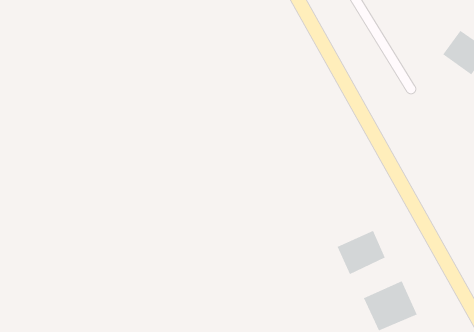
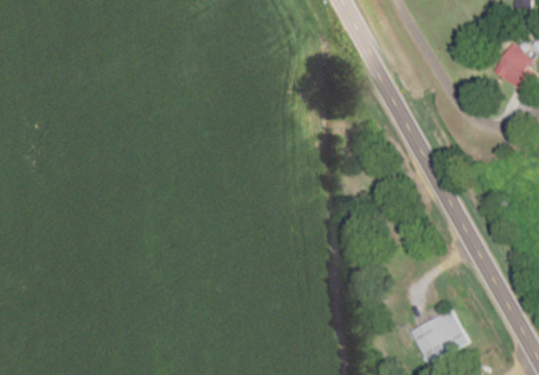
building: [337,230,386,275] -> none

